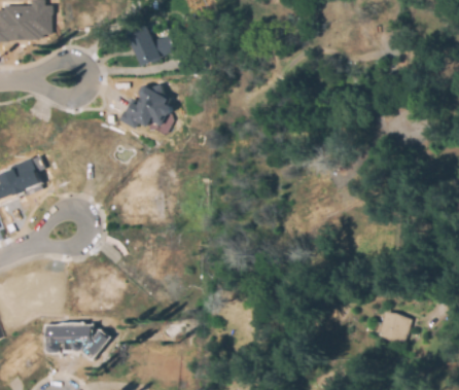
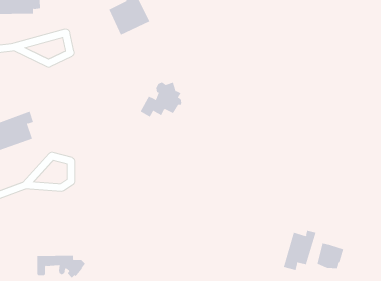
building: [121,83,172,126] -> [140,82,182,117]
building: none -> [283,230,316,271]

